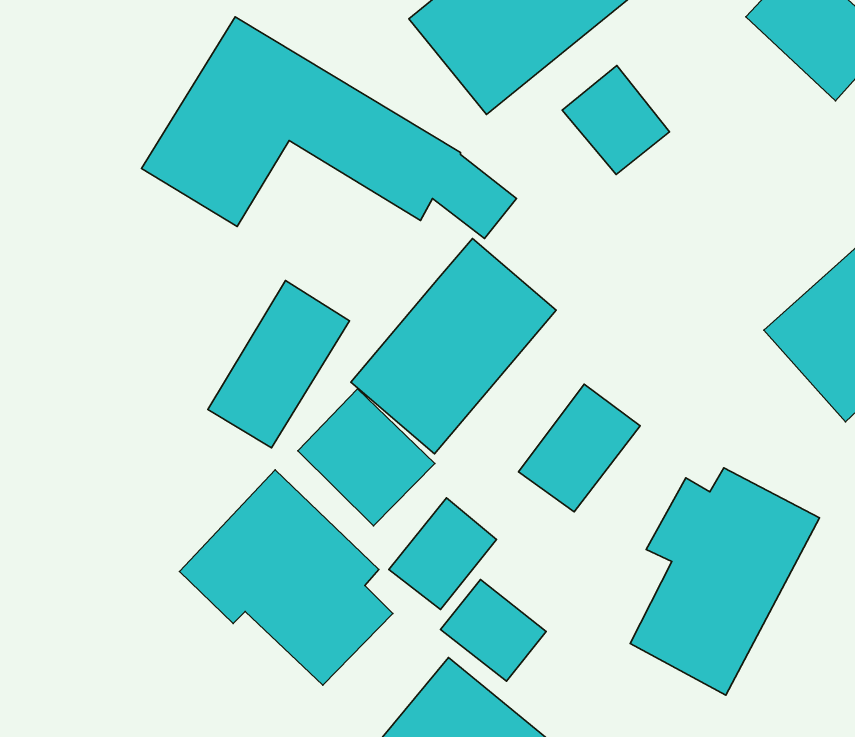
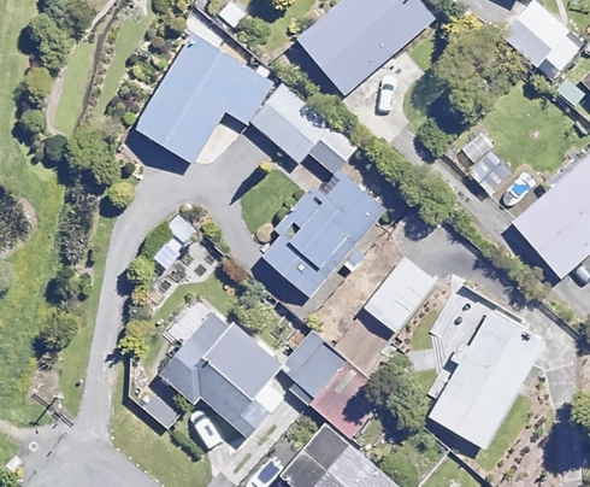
building: [562,65,670,175] -> none
building: [208,280,349,448] -> none
building: [298,389,435,526] -> none

